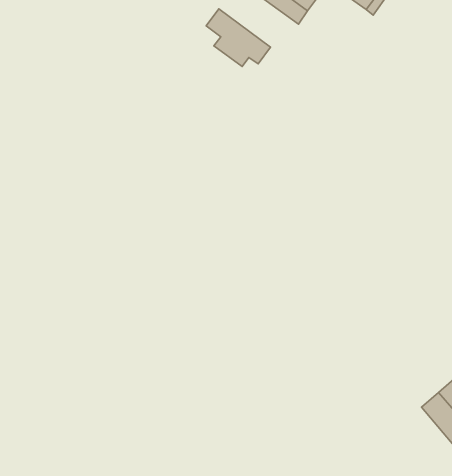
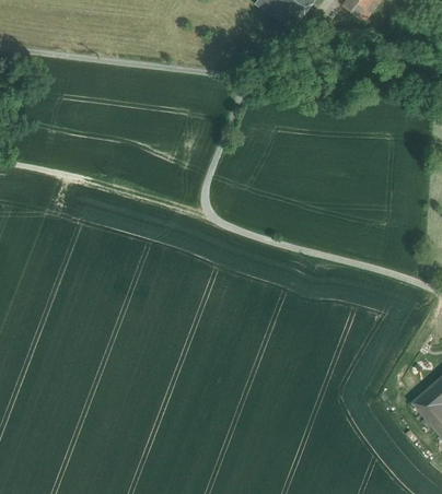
building: [206,9,271,67] -> none

